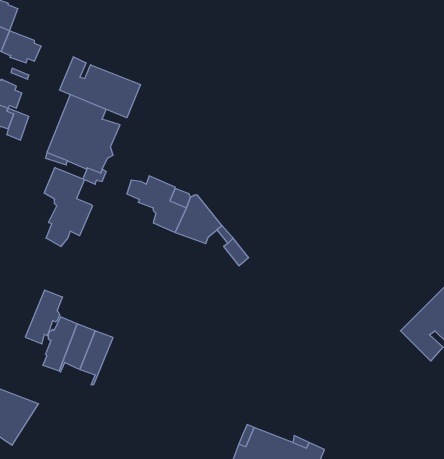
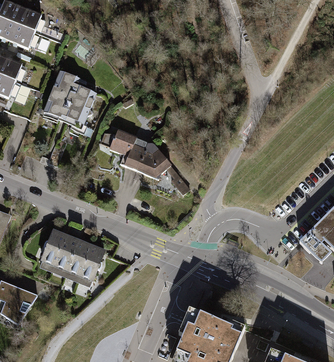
building: none -> [16,8,45,31]
building: [60,57,141,118] -> none
building: [44,167,92,247] -> none
building: [25,290,63,344] -> [77,246,104,285]

